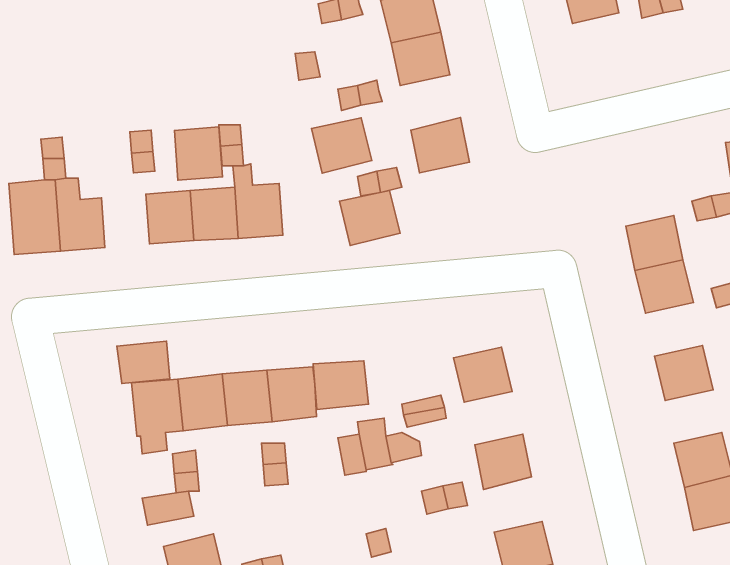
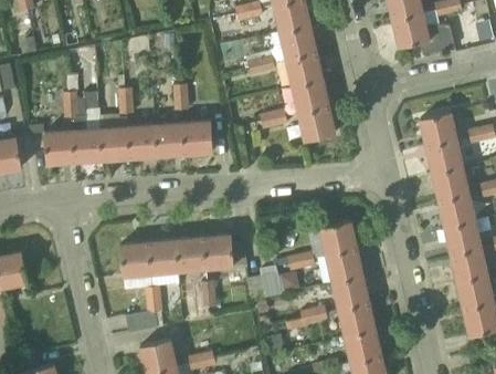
building: none -> [393,14,455,56]
building: [312,118,372,173] -> [286,53,324,87]
building: [174,127,222,180] -> [101,127,130,160]
building: none -> [420,113,456,147]
building: [340,190,400,246] -> [298,107,336,142]
building: none -> [439,195,474,228]
building: [117,341,170,384] -> none
building: [313,361,368,410] -> none
building: none -> [451,249,486,282]
building: none -> [326,250,362,283]
building: none -> [338,303,374,337]

